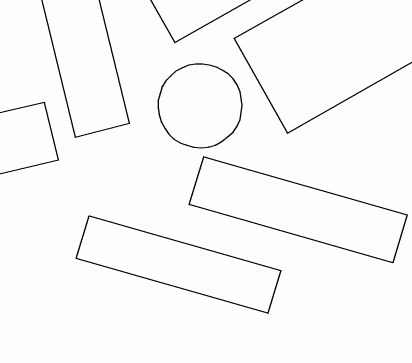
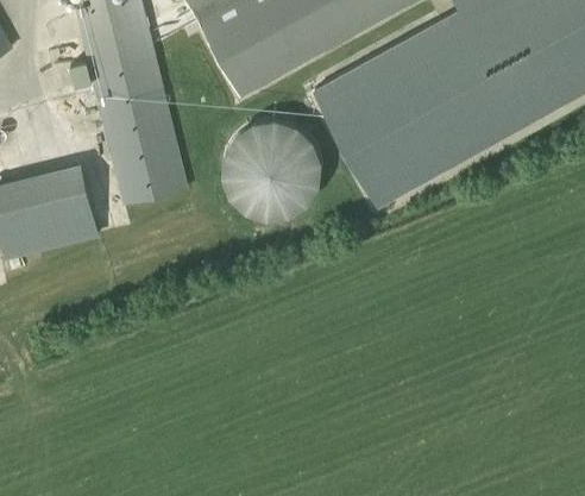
building: [189,157,407,263] -> none
building: [76,216,281,313] -> none

